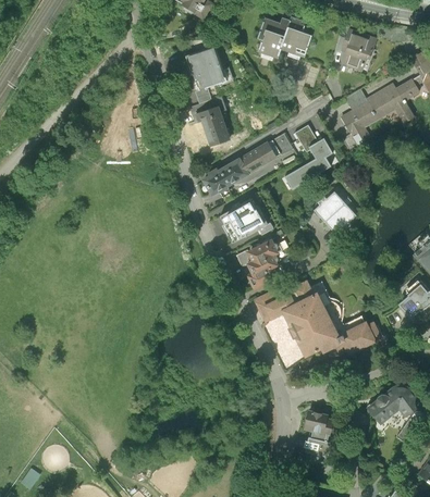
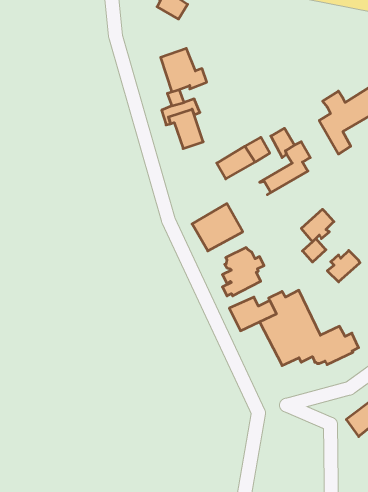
building: [258,17,310,60] -> none
building: [341,30,374,65] -> none
building: [204,159,250,197] -> none
building: [312,191,344,222] -> [327,250,360,282]
building: [303,411,329,458] -> none

